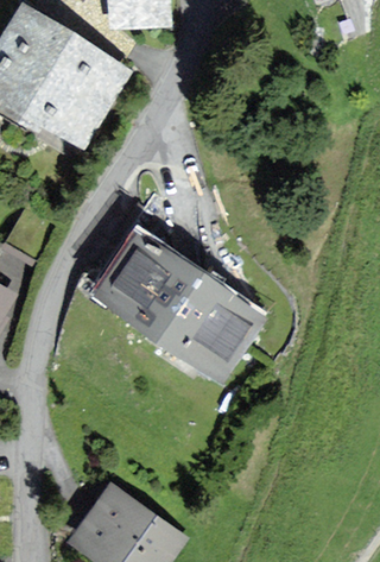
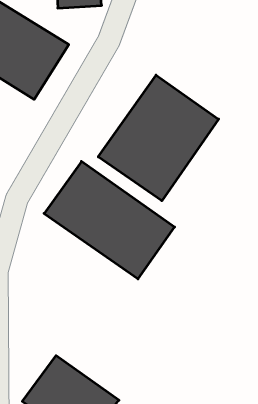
building: none -> [98,75,219,201]

